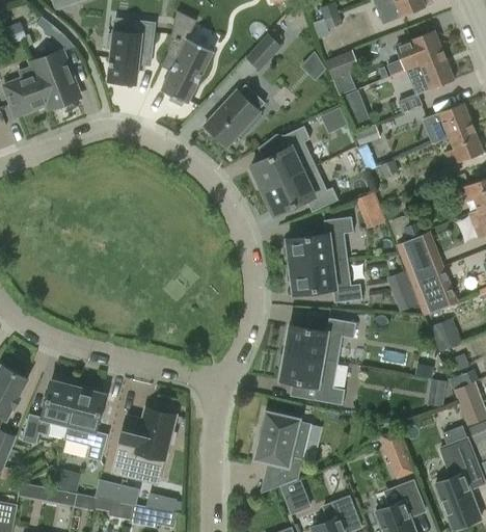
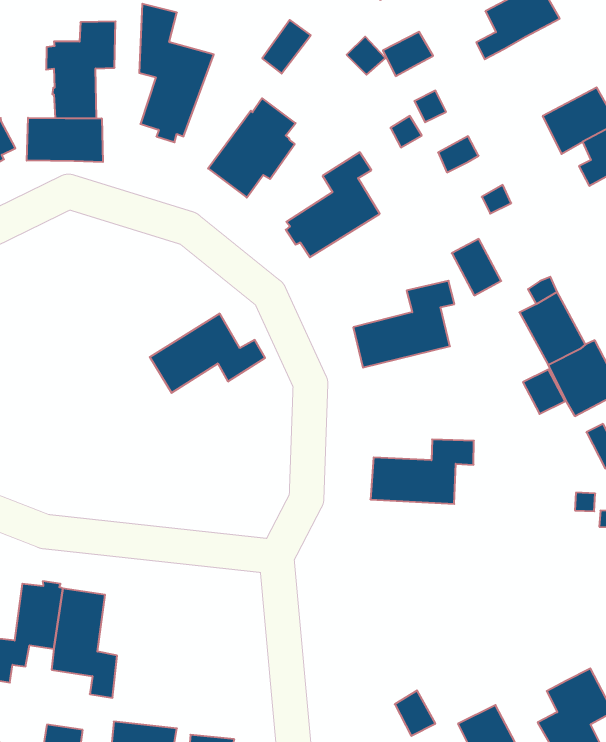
building: [398,55,453,113] -> none
building: none -> [27,118,103,162]
building: [263,168,338,216] -> [150,314,265,393]
building: [287,260,361,303] -> none
building: [278,353,344,405] -> none
building: [112,407,176,480] -> none
building: [254,413,312,494] -> none
building: [378,429,413,479] -> none

